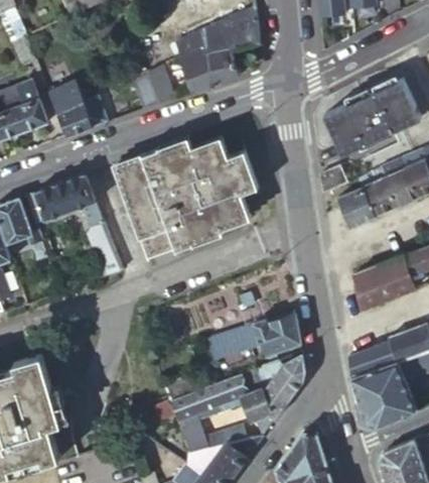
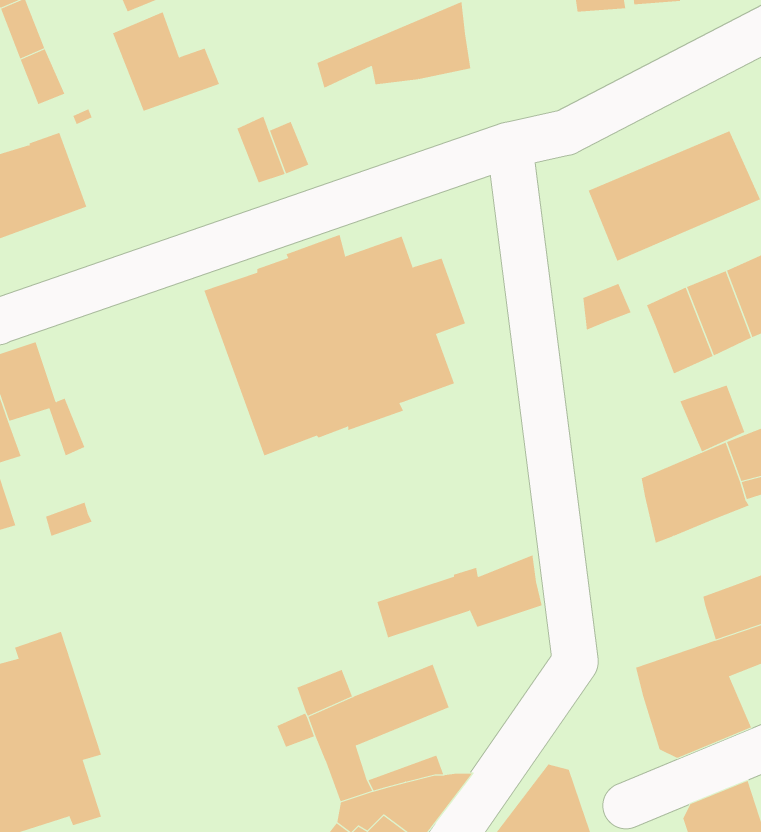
building: [180,44,239,92] -> none
building: [50,82,110,137] -> [112,11,220,112]
building: [26,173,124,277] -> none
building: [337,189,374,226] -> [680,385,745,452]
building: [349,343,397,377] -> none
building: [241,354,305,421] -> none

